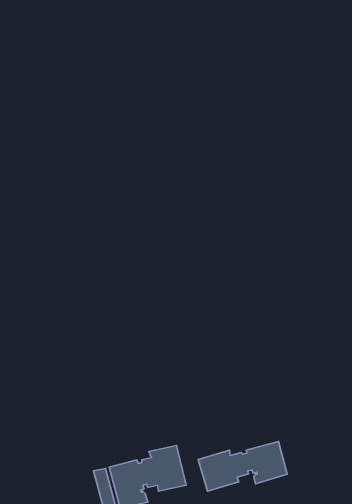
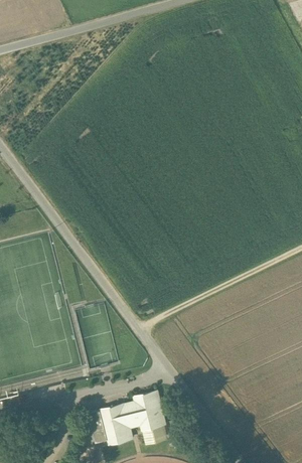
building: [198,441,287,491] -> none

